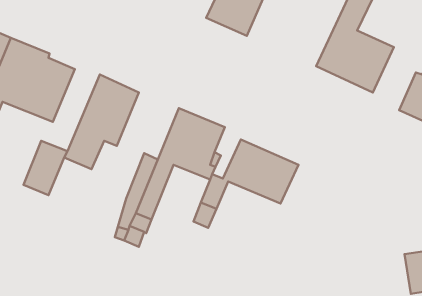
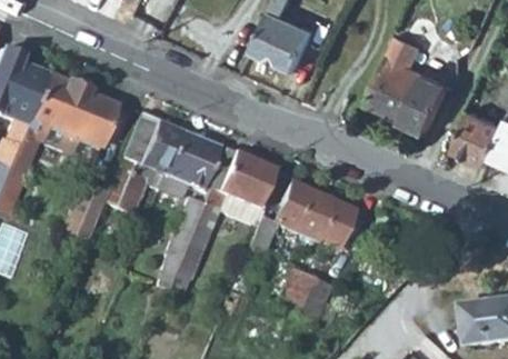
building: none -> [157,131,216,198]
building: none -> [273,268,328,321]

